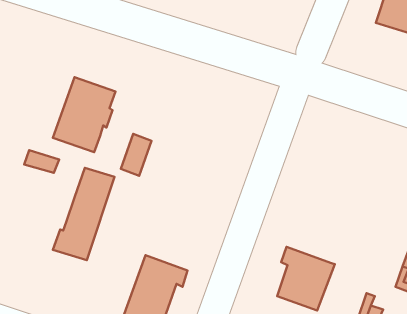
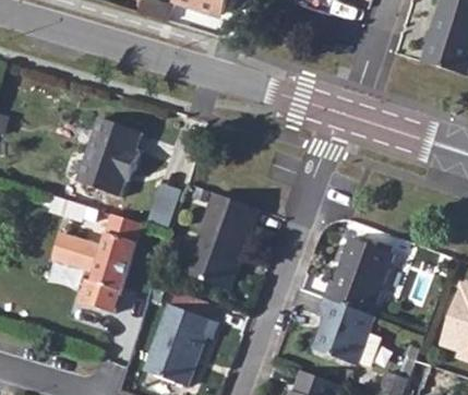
building: none -> [187,195,257,291]
building: none -> [52,234,97,272]
building: none -> [322,236,393,315]

